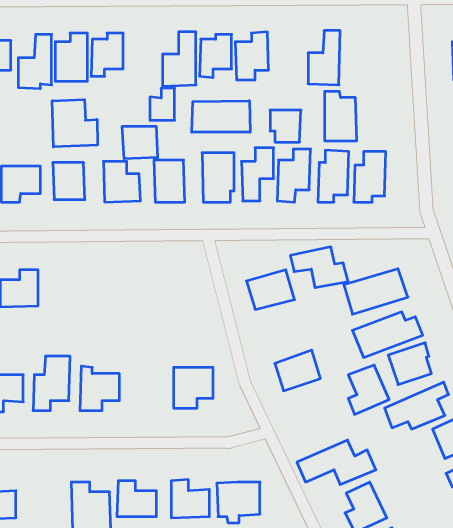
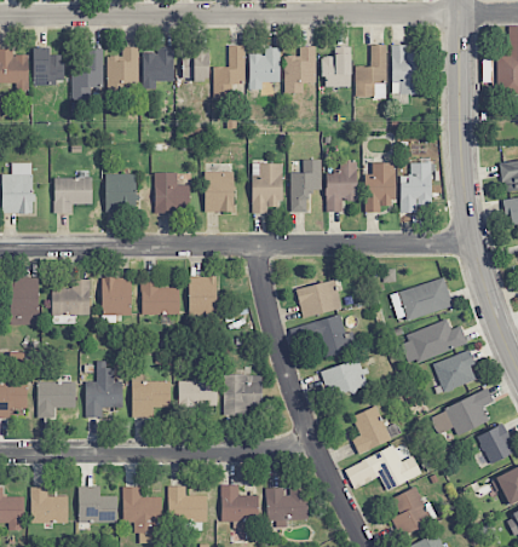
building: [150,88,175,120] -> [184,48,208,80]
building: [325,91,357,141] -> [391,46,422,94]
building: [52,100,97,147] -> none
building: [192,101,250,132] -> none
building: [270,110,301,142] -> [321,56,351,87]
building: [122,126,158,159] -> none
building: [290,247,348,288] -> [300,317,357,357]
building: none -> [188,277,217,317]
building: none -> [100,278,131,318]
building: none -> [140,280,179,316]
building: [348,365,389,414] -> [351,407,391,455]
building: none -> [178,381,217,407]
building: none -> [77,486,117,523]

